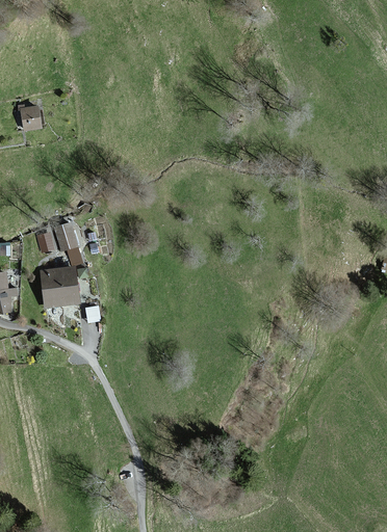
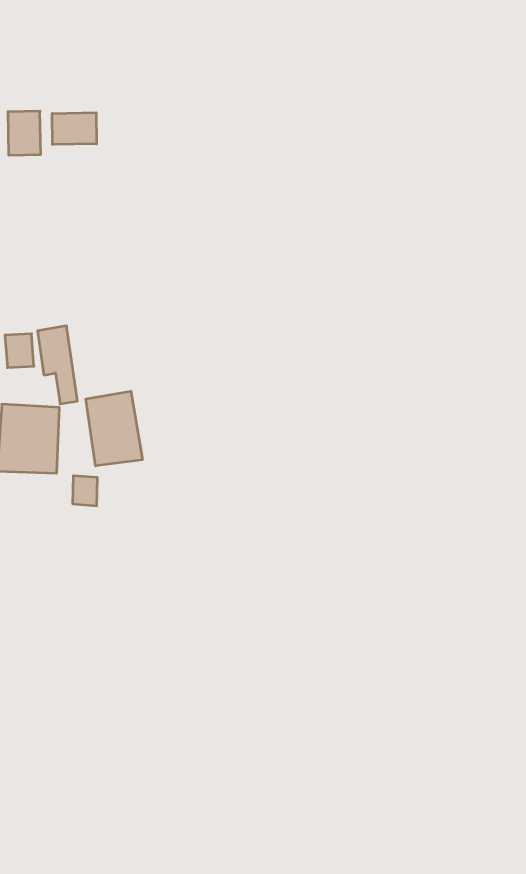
building: none -> [52,113,96,145]
building: none -> [86,391,142,466]

